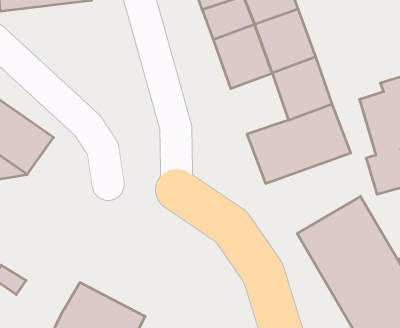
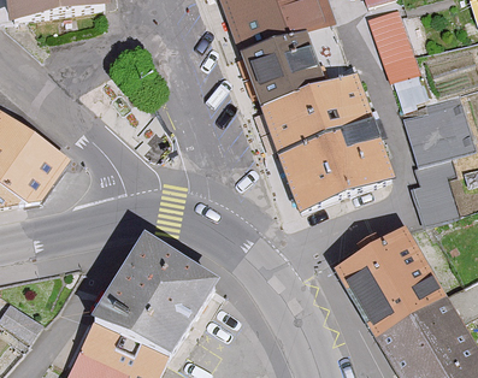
building: none -> [379,17,427,102]
building: none -> [261,90,325,158]
building: none -> [93,238,214,361]

